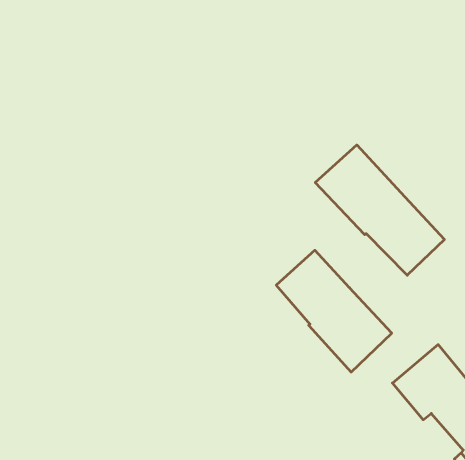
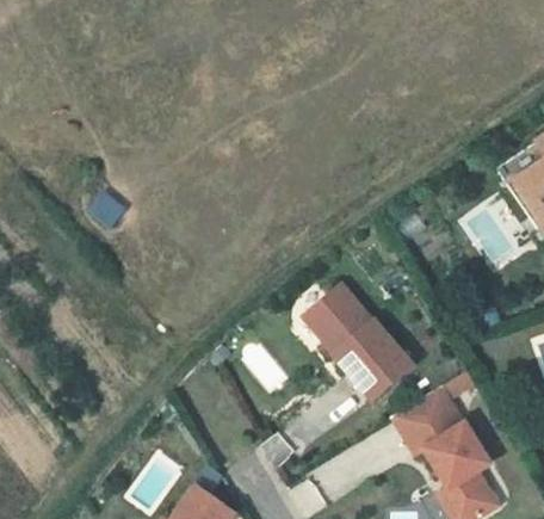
building: [315,145,444,275] -> none

